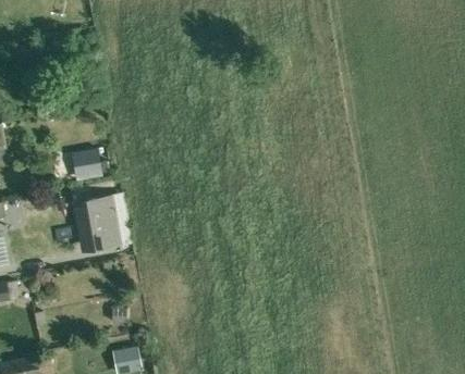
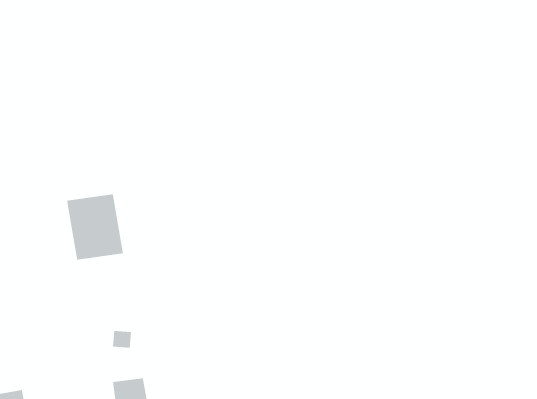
building: [72,150,101,180] -> none

